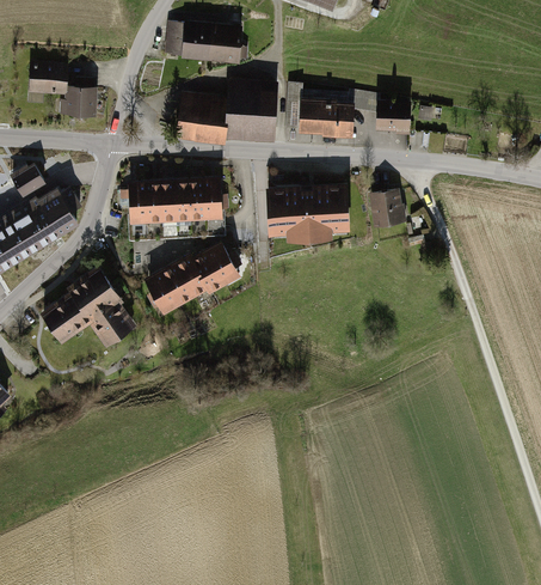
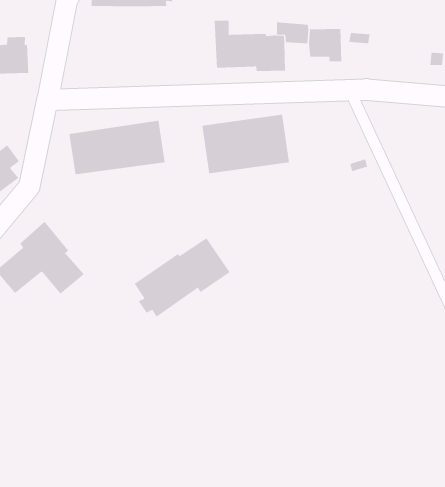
building: [177,81,275,142] -> none
building: [368,188,402,226] -> none
building: [145,240,242,316] -> [134,237,230,317]

